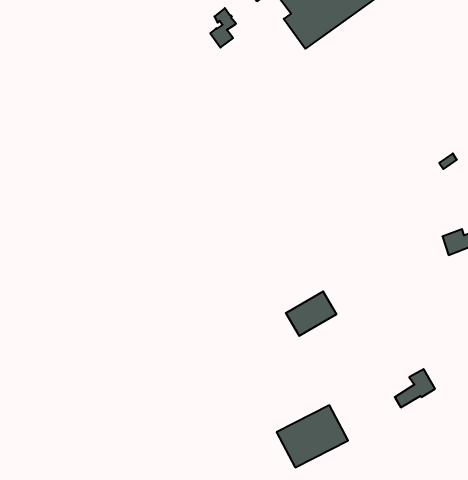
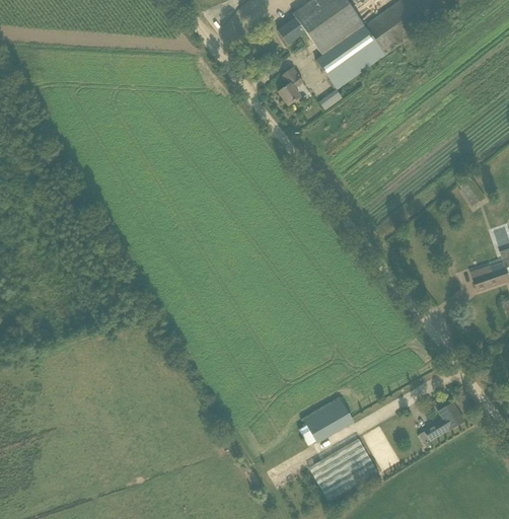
building: [210,8,236,48] -> [278,66,303,104]
building: [286,291,337,336] -> [303,397,353,441]

